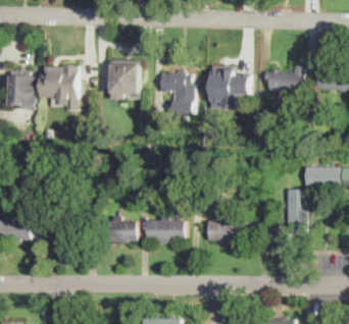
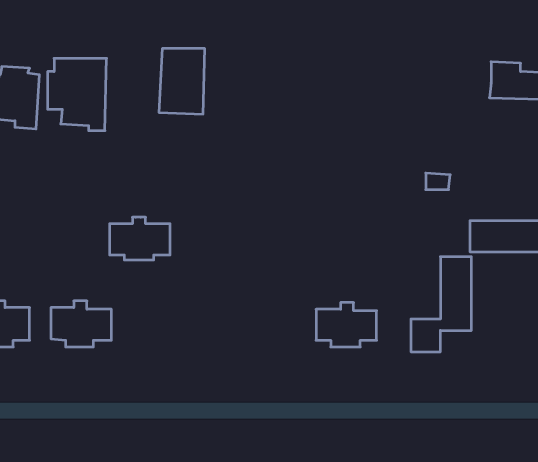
building: [210,64,249,108] -> none
building: [161,66,194,113] -> none
building: [263,67,303,91] -> none
building: [99,216,137,242] -> [110,217,170,260]
building: [146,216,185,244] -> none

